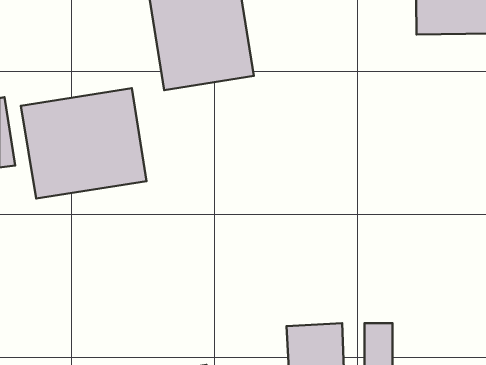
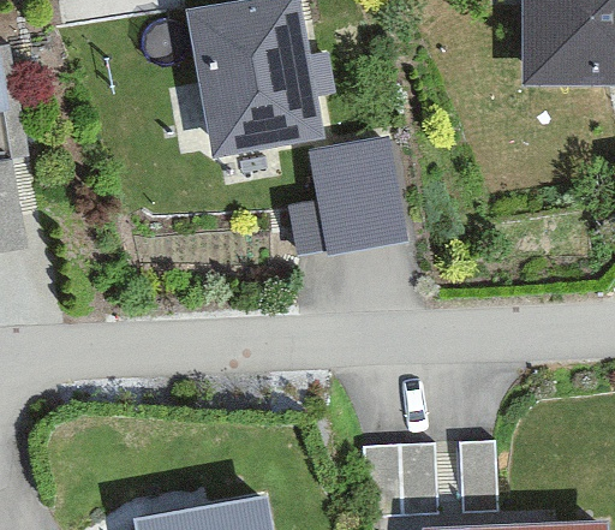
building: none -> [306,139,405,252]
building: [21,88,146,198] -> none

